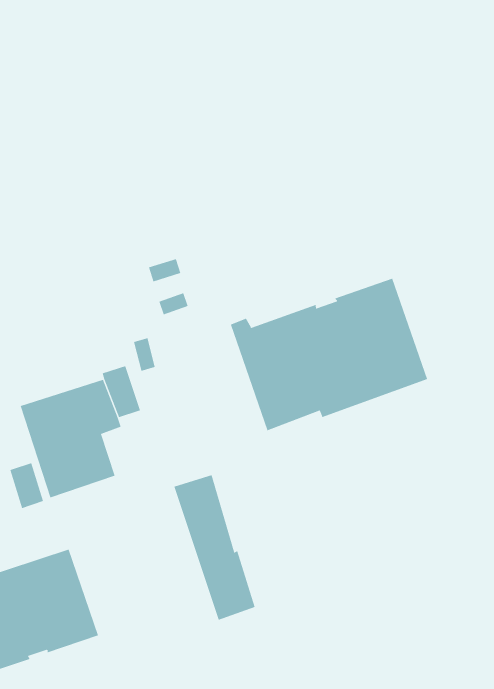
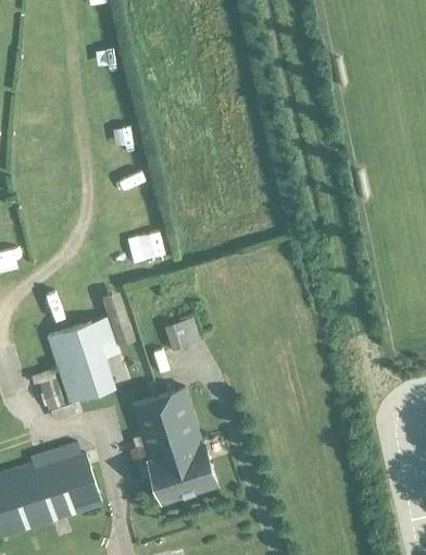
building: [230,278,428,431] -> none
building: none -> [163,318,199,353]
building: none -> [129,396,189,503]

